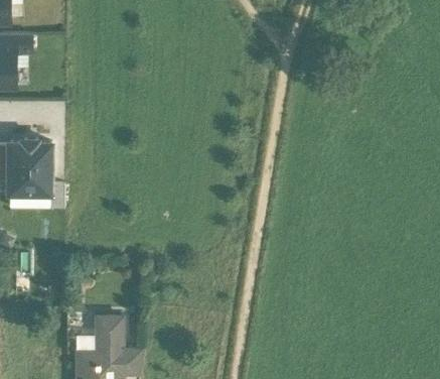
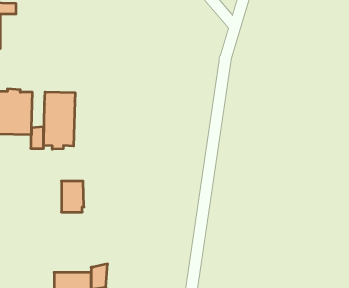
building: none -> [44,92,75,149]
building: [95,315,121,352] -> [61,181,84,212]

